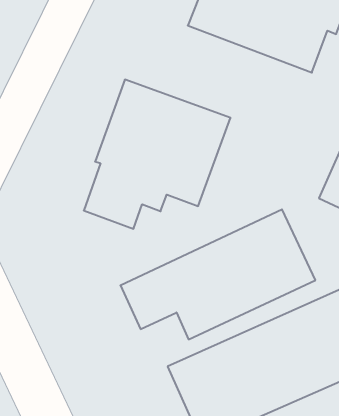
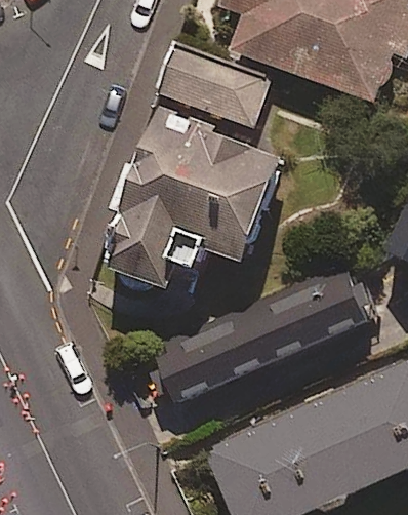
building: none -> [157,49,267,126]

